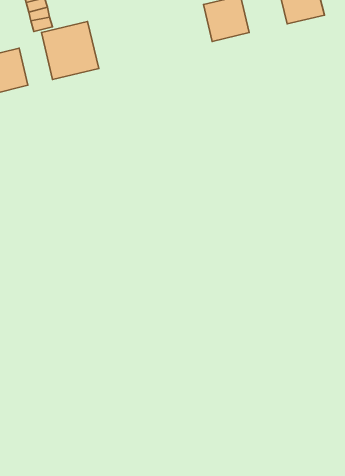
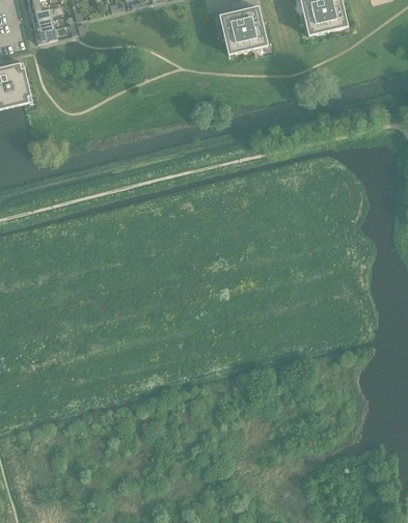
building: [42,21,99,79] -> none

